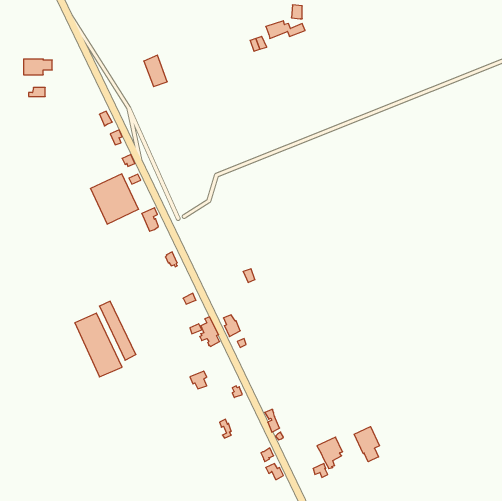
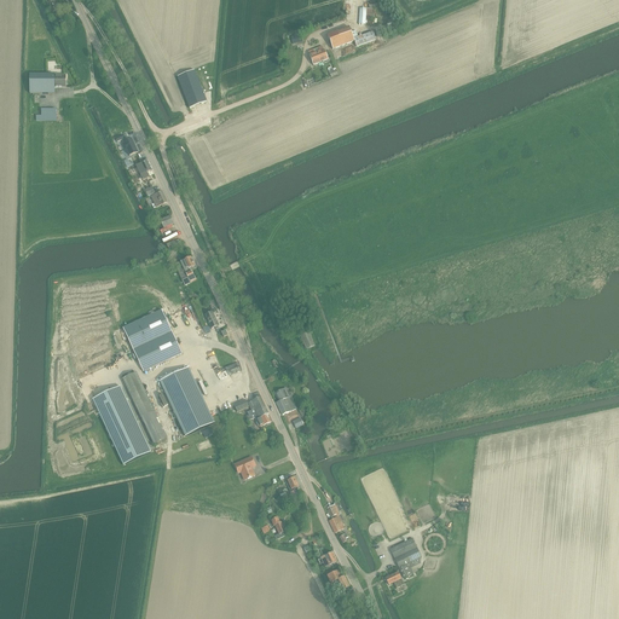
building: [90,174,139,224] -> [122,308,181,370]
building: none -> [158,366,213,434]
building: [354,427,380,462] -> none

